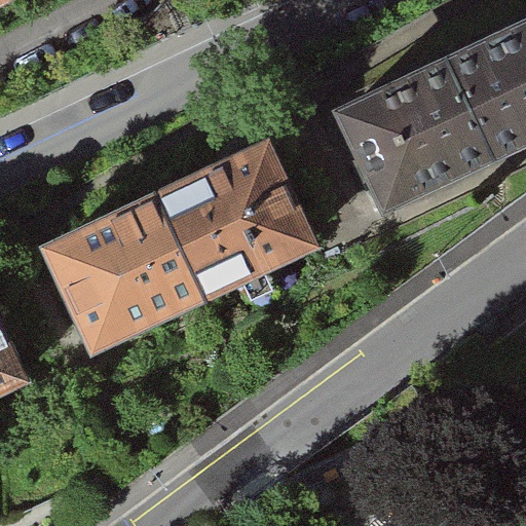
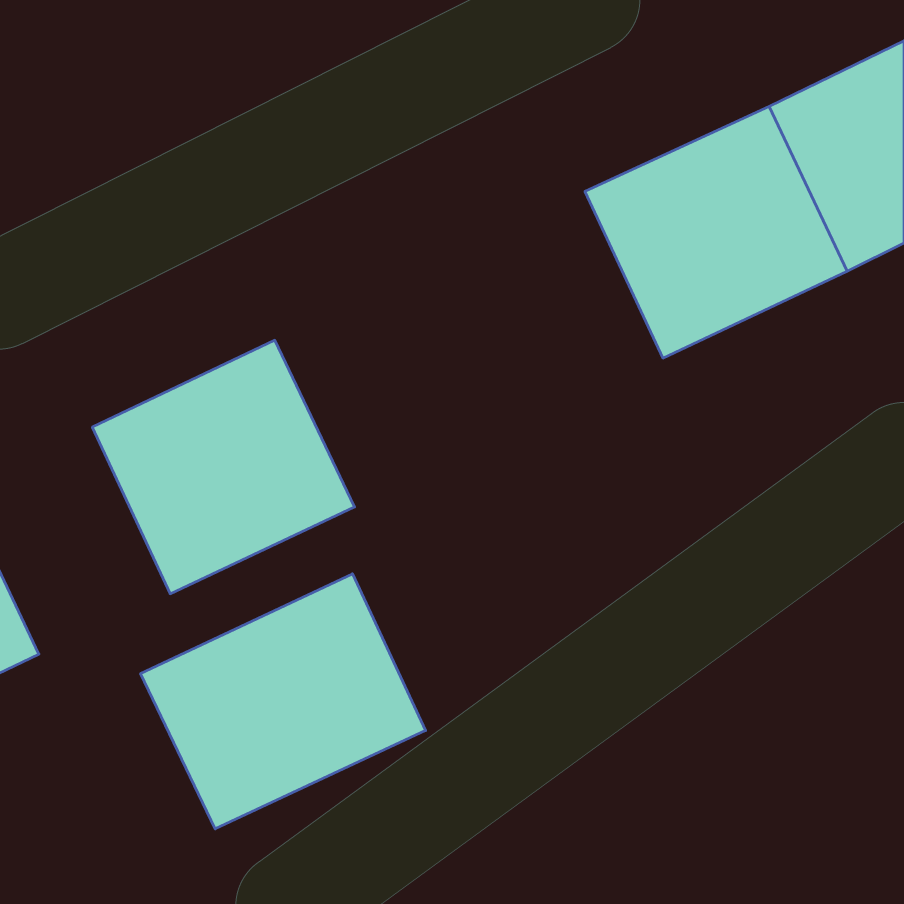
building: [159,149,312,295] -> none
building: none -> [141,574,426,829]

